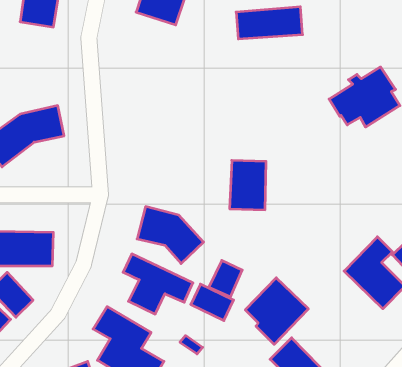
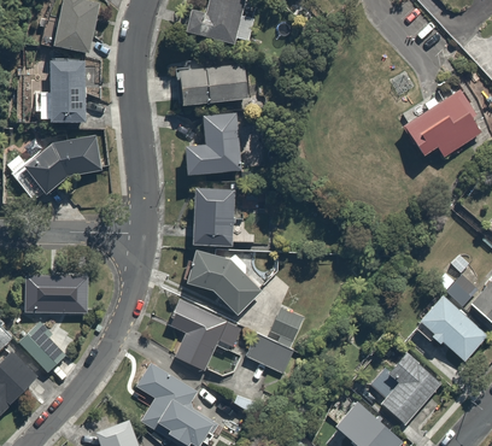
building: [236,7,303,39] -> [178,65,253,101]
building: none -> [49,55,94,119]
building: none -> [187,112,245,174]
building: [230,160,266,210] -> [193,186,234,241]
building: [245,278,308,344] -> [371,347,443,422]

